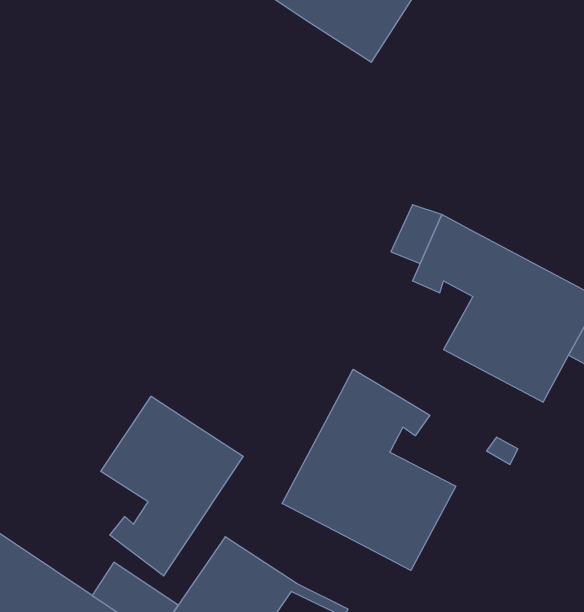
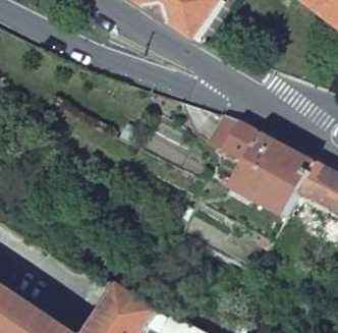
building: [282,369,456,570] -> none
building: [101,396,243,576] -> none

